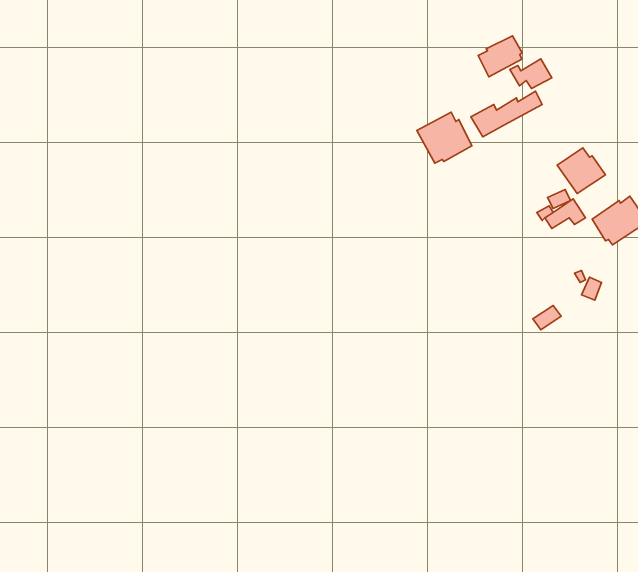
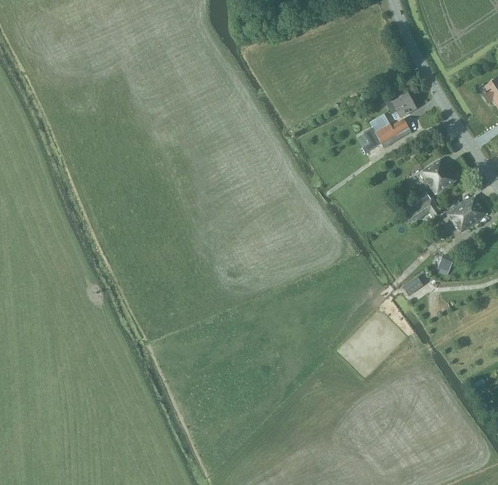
building: [478,36,522,77] -> none
building: [417,112,472,163] -> none

